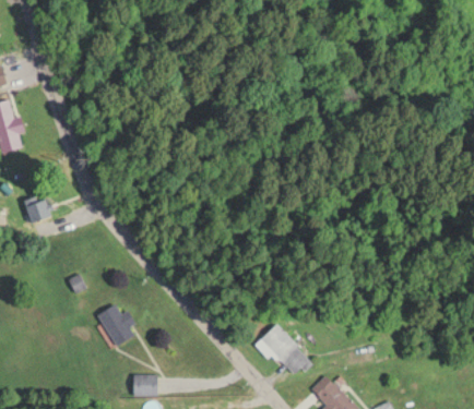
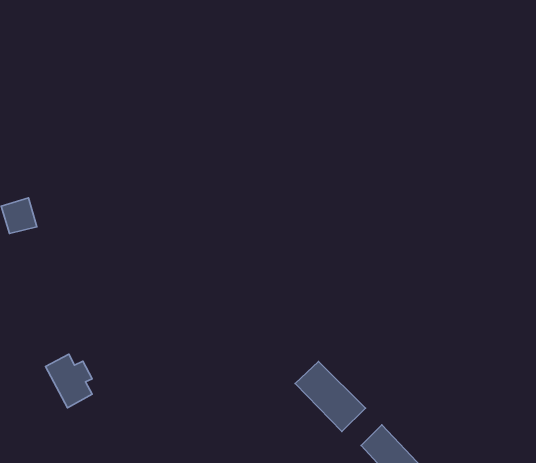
building: [98,304,135,347] -> [46,354,92,408]
building: [133,374,158,396] -> none

